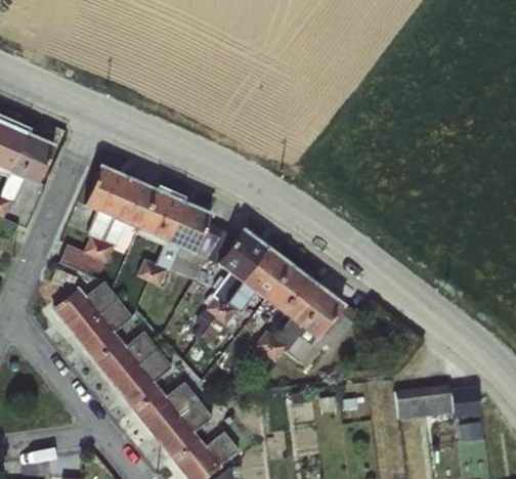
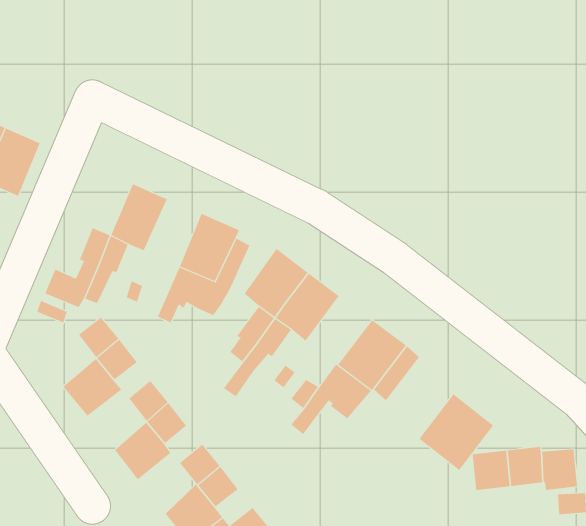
building: [84,163,129,217] -> none
building: [138,188,183,242] -> none
building: [266,265,318,319] -> none
building: [51,287,100,337] -> none
building: [93,339,140,387] -> none
building: none -> [419,394,494,471]
building: [133,389,179,437] -> none

